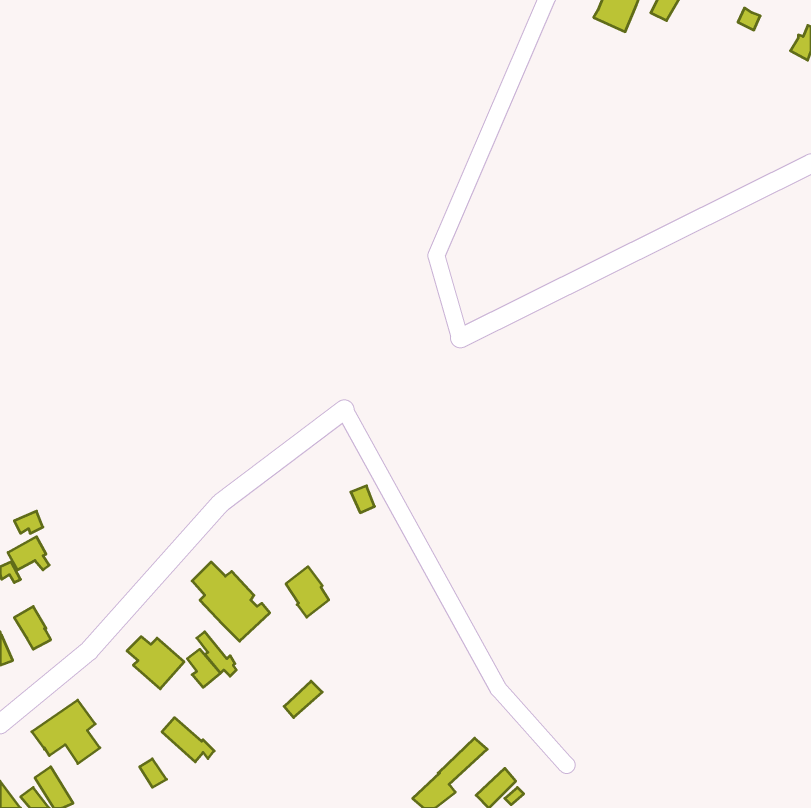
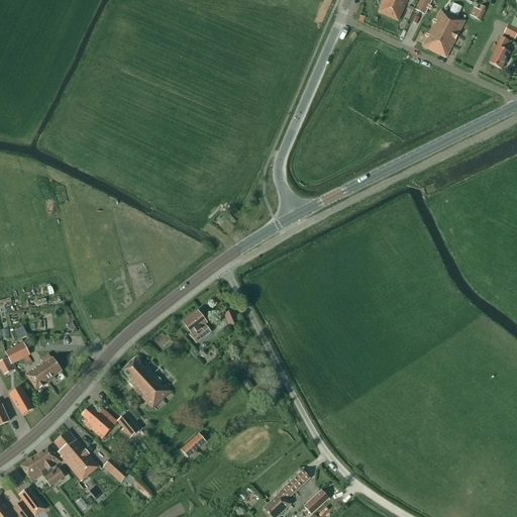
building: none -> [422,8,464,57]
building: none -> [489,35,510,69]
building: none -> [25,356,62,390]
building: [286,567,329,617] -> [183,310,210,342]
building: none -> [54,429,100,482]

